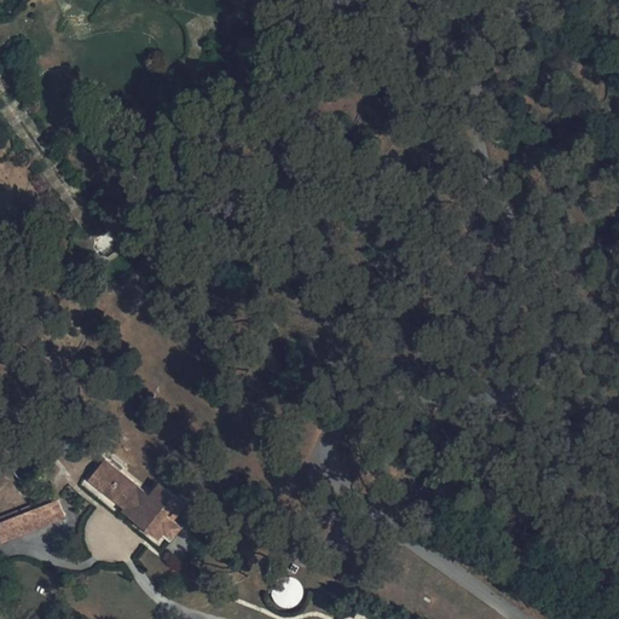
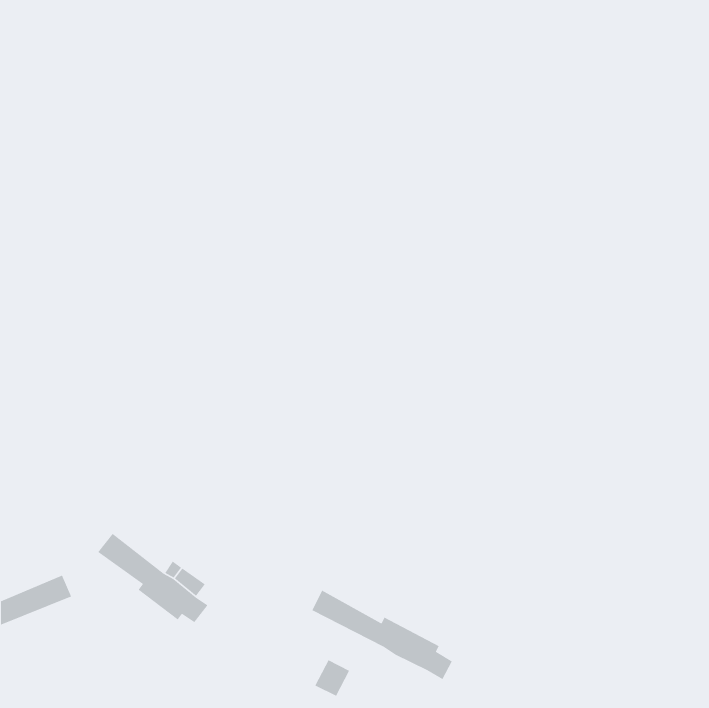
building: none -> [311,590,453,680]

